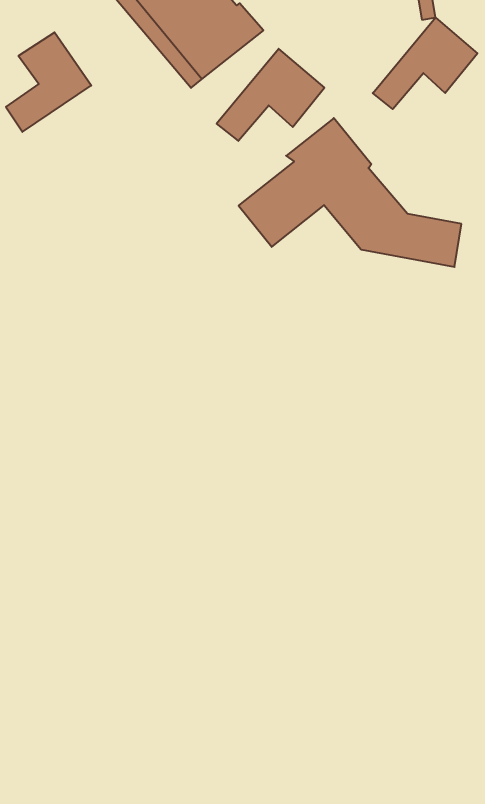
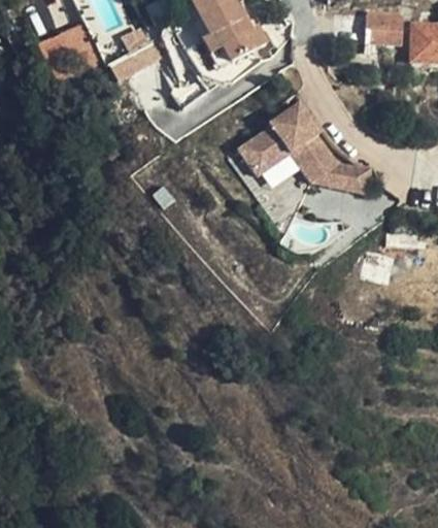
building: [373,17,477,109] -> none
building: [217,49,324,141] -> none

